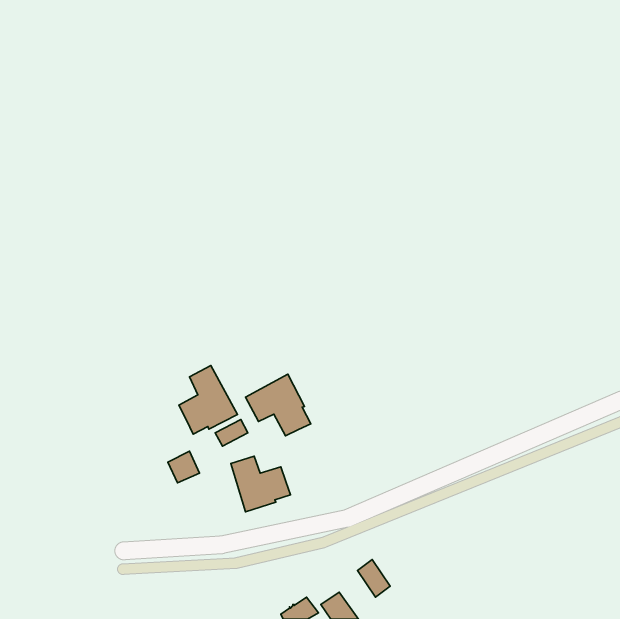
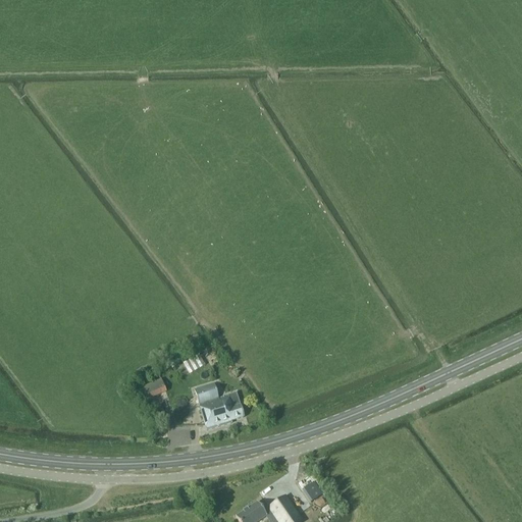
building: [179,366,237,434] -> none
building: [246,374,311,436] -> none

